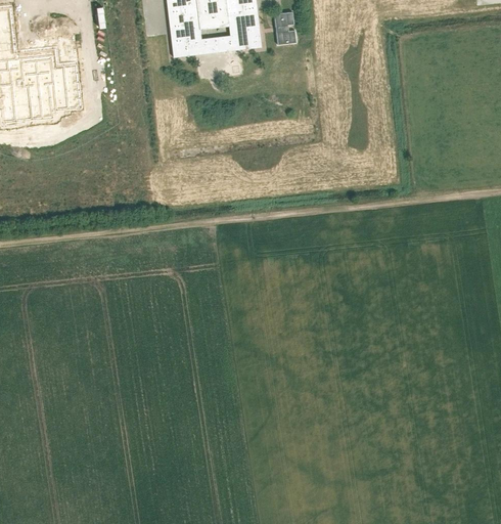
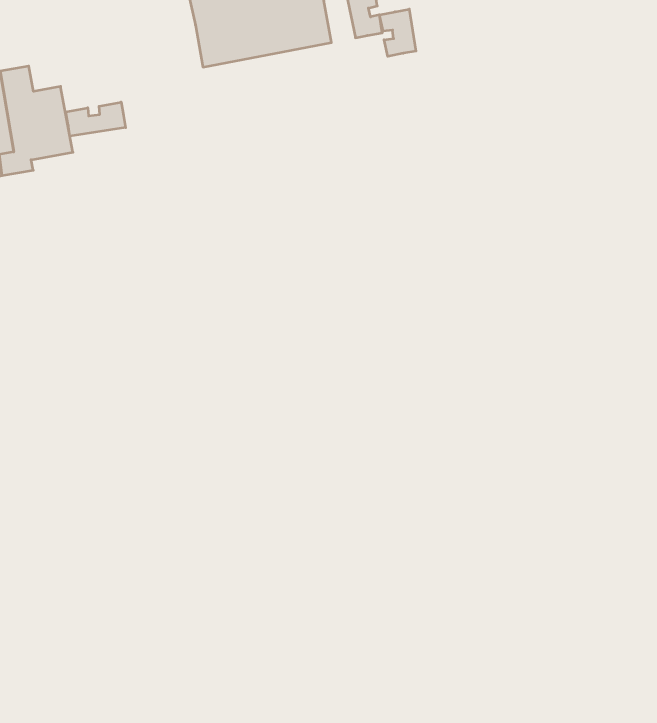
building: none -> [379,9,416,56]
building: none -> [66,102,126,136]

